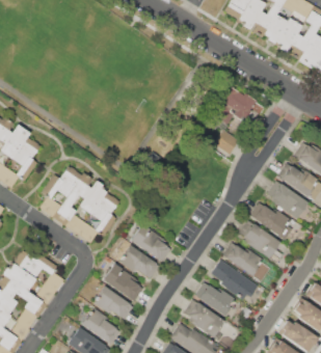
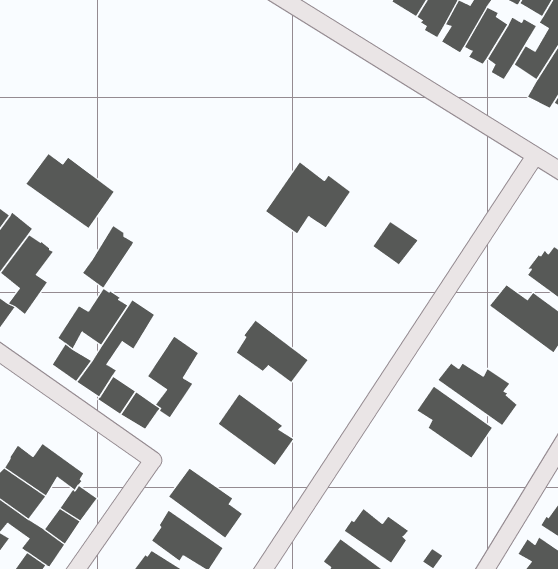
building: [210,85,257,125] -> [265,161,351,234]
building: none -> [26,153,115,229]
building: [79,181,107,215] -> [82,225,134,288]
building: [267,181,306,219] -> none
building: [119,245,159,279] -> [236,320,309,383]
building: [225,246,261,276] -> none
building: [211,260,258,300] -> none

